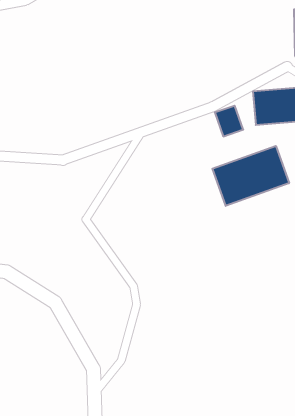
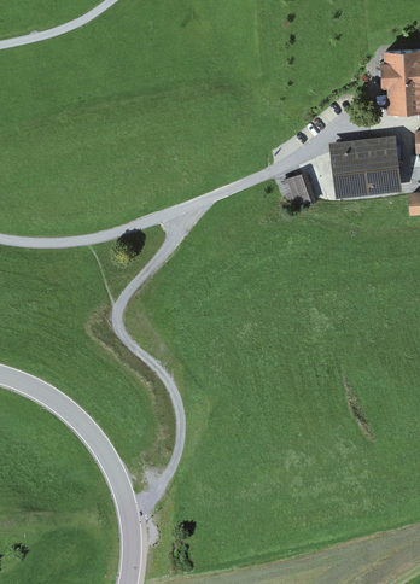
building: [212,146,289,206] -> none

